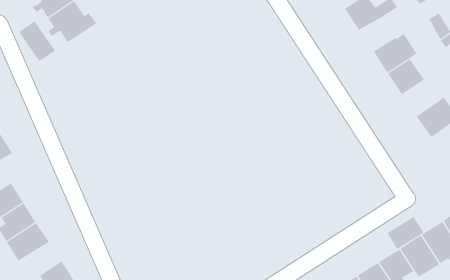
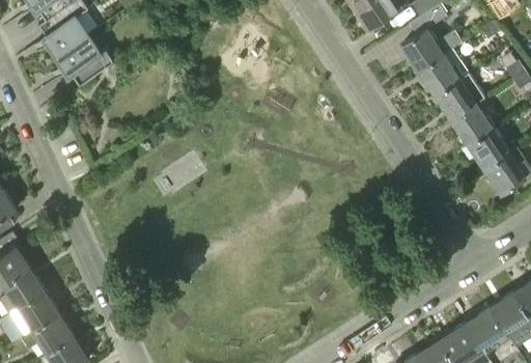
building: none -> [417,54,460,94]
building: [19,20,56,62] -> none
building: none -> [467,127,509,169]
building: [387,216,424,250] -> none
building: none -> [21,314,74,354]

